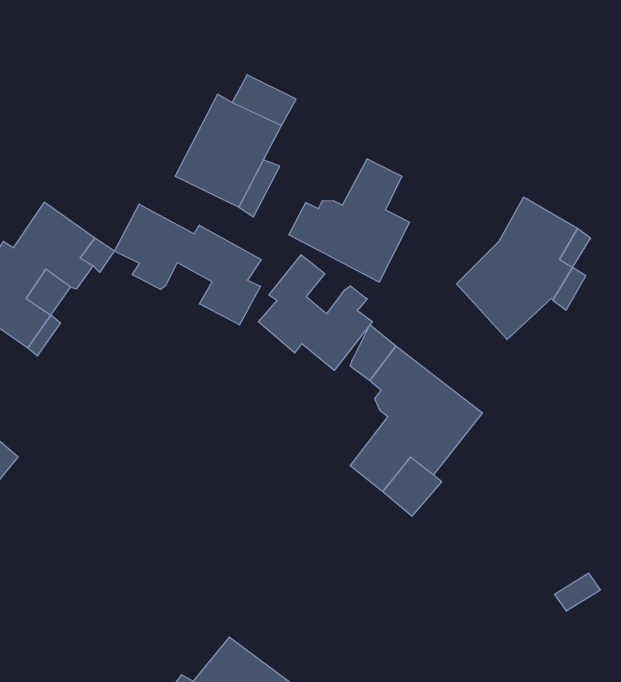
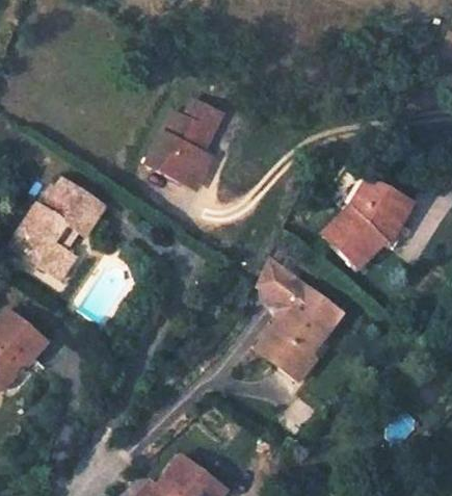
building: [289,159,410,282] -> none
building: [115,204,261,325] -> none
building: [258,255,372,370] -> none

